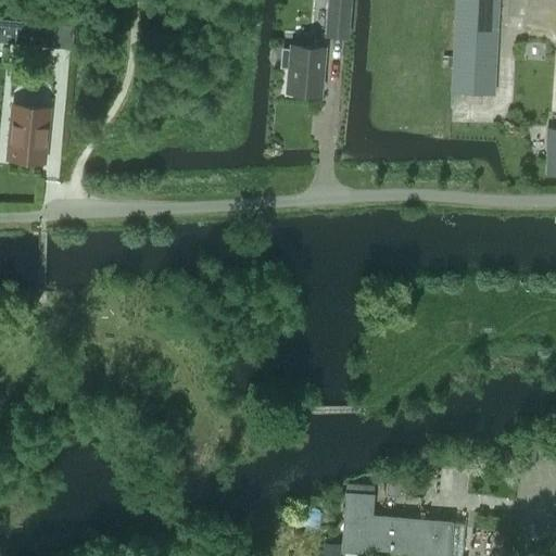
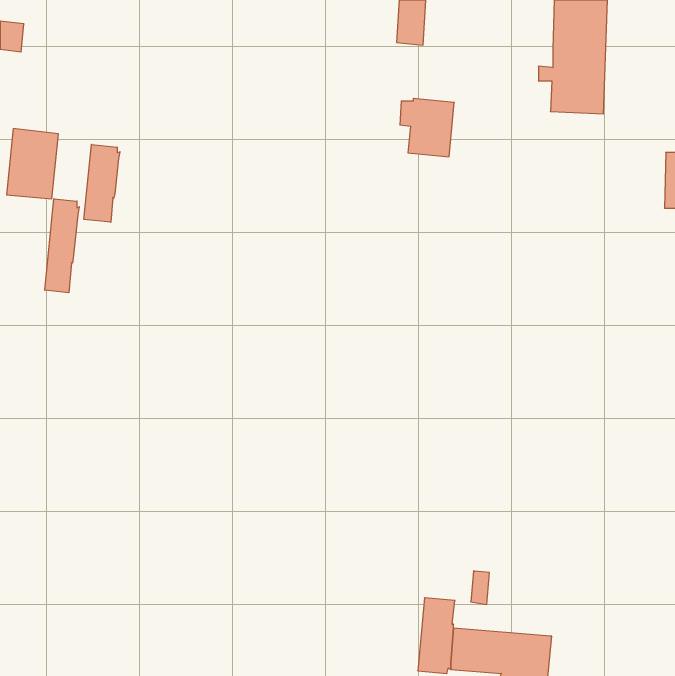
building: [281,46,326,93] -> [400,98,454,157]
building: none -> [84,144,120,222]
building: none -> [45,199,79,293]

